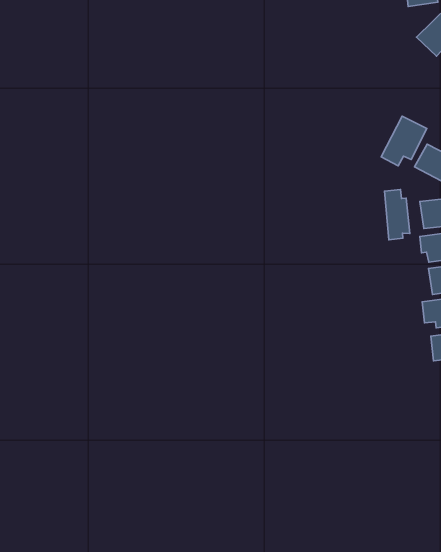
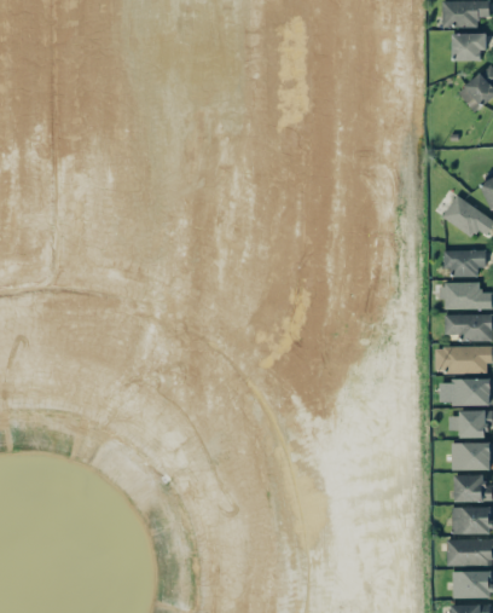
building: [381,116,427,166] -> none
building: [384,190,410,240] -> none

